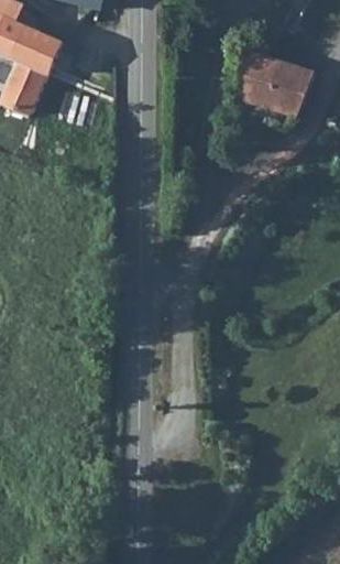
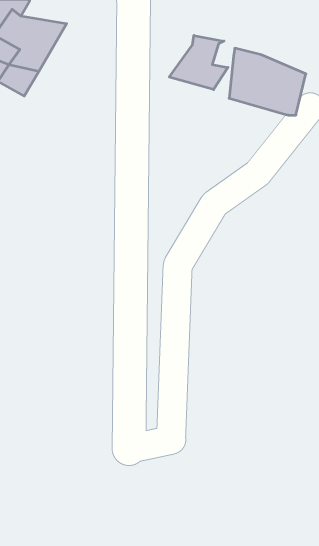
building: none -> [169,35,228,90]

